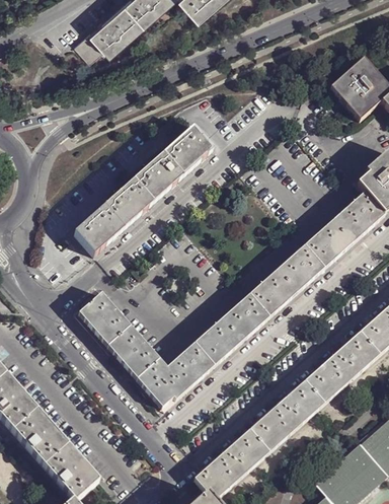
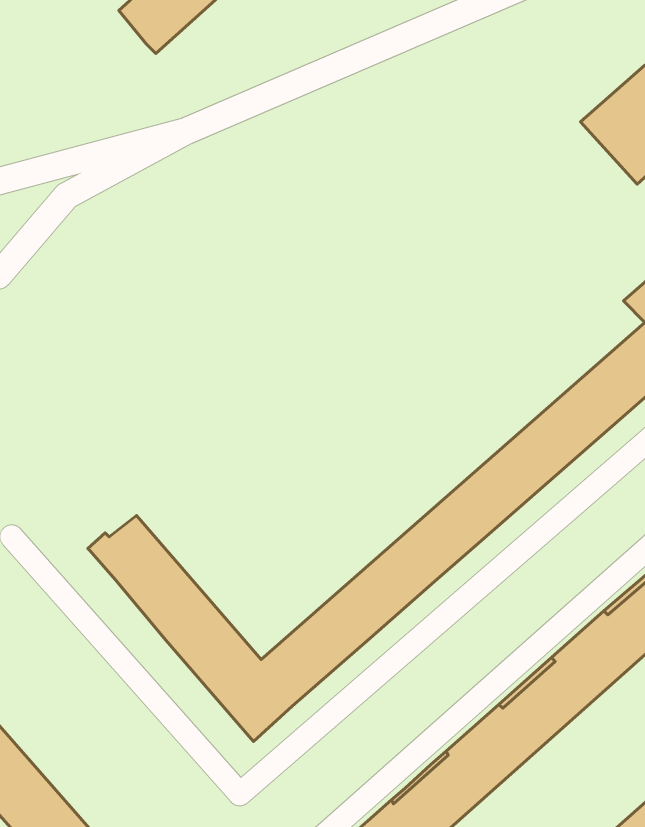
building: [76,29,106,61] -> none
building: [75,128,213,255] -> none

